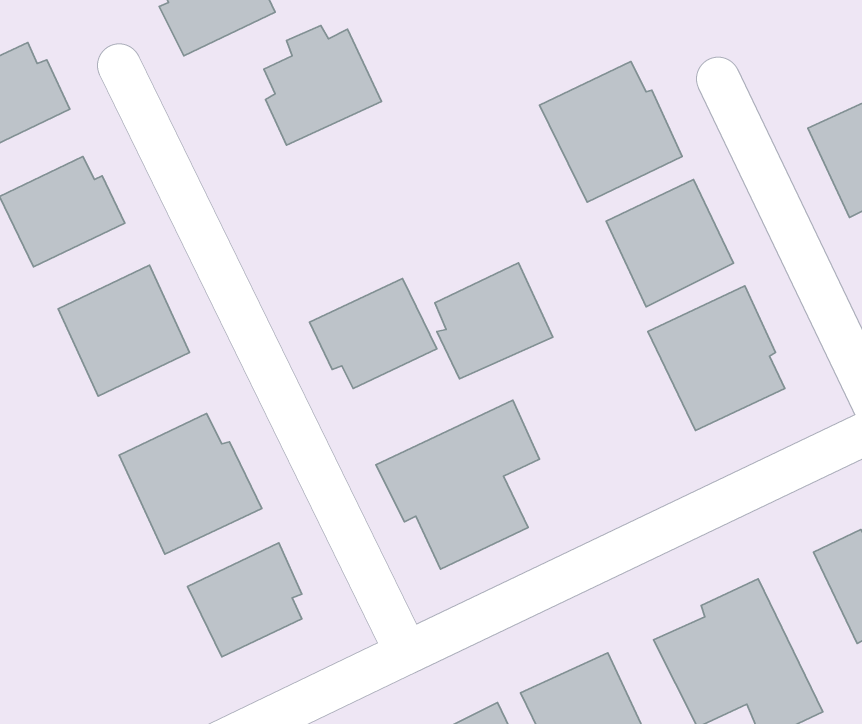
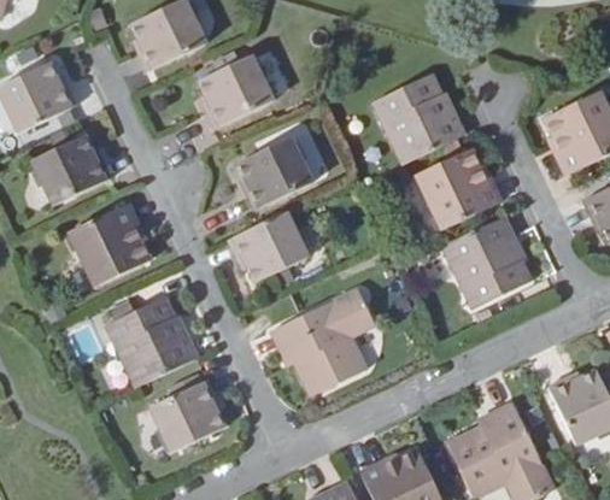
building: [435,263,553,379] -> [237,135,312,208]

